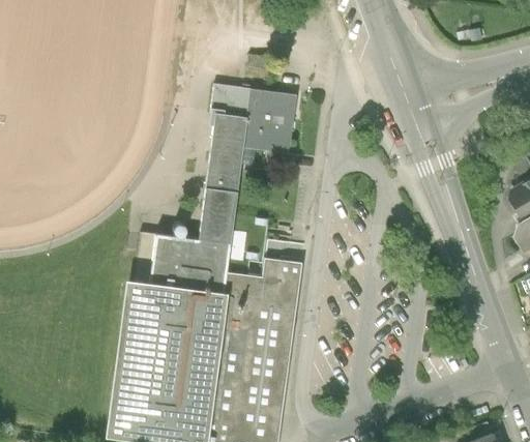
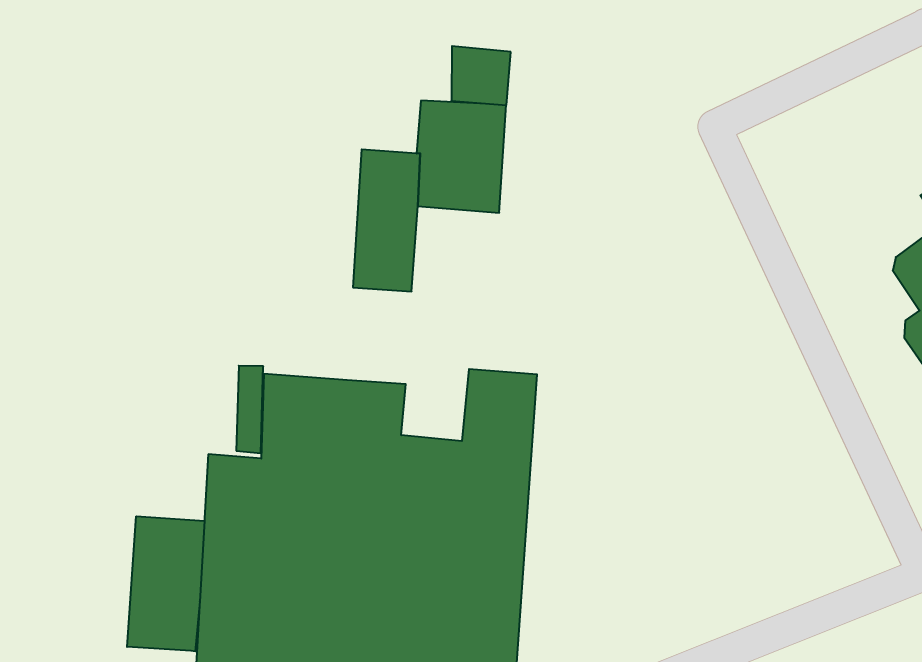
building: [216,86,251,120] -> [451,46,511,105]
building: [201,191,239,246] -> none
building: none -> [127,516,204,651]

